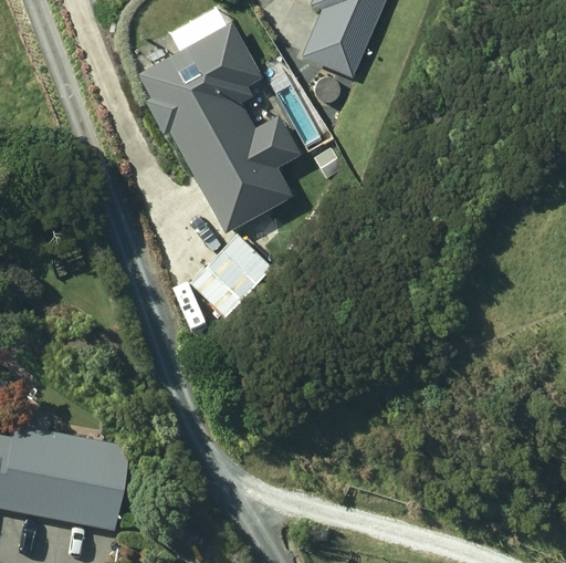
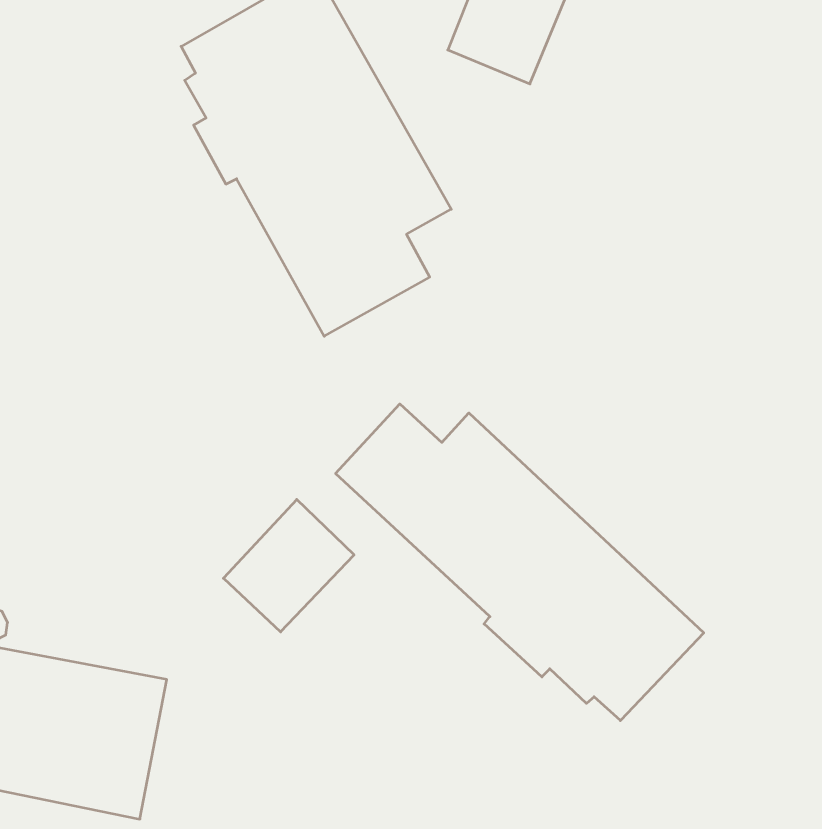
building: [191,236,272,317] -> [223,499,354,632]
building: none -> [336,404,704,721]

